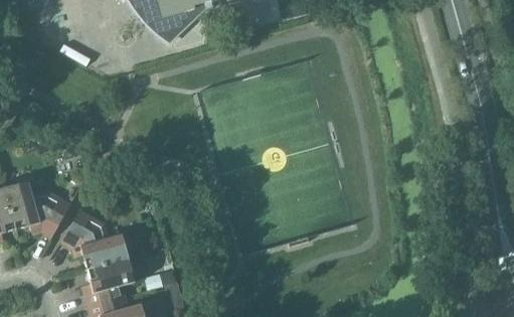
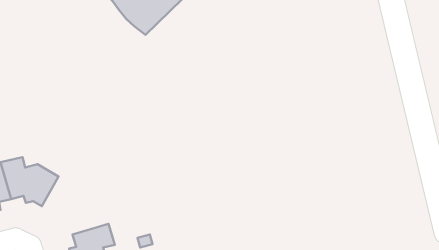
building: [60,208,127,269] -> none

